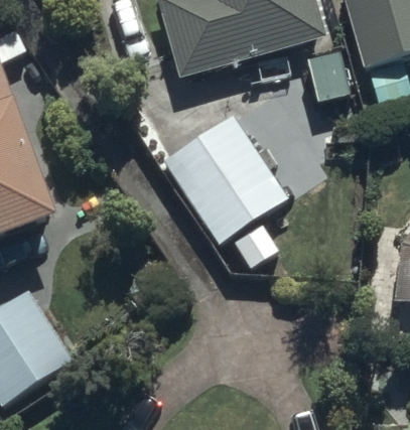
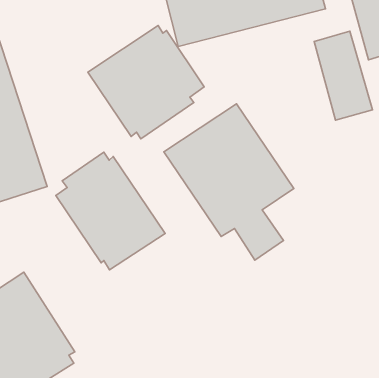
building: none -> [88,26,204,139]
building: none -> [56,152,165,270]

